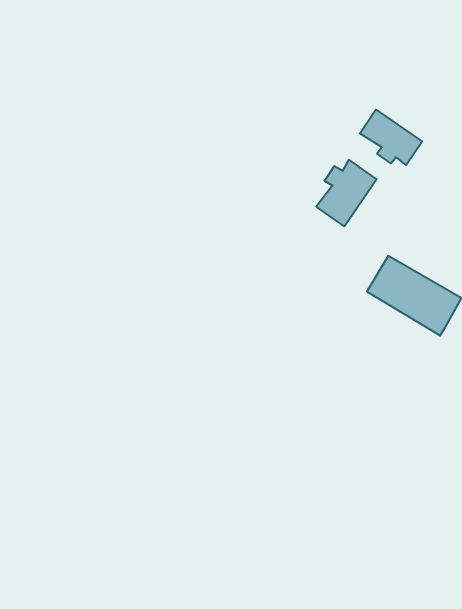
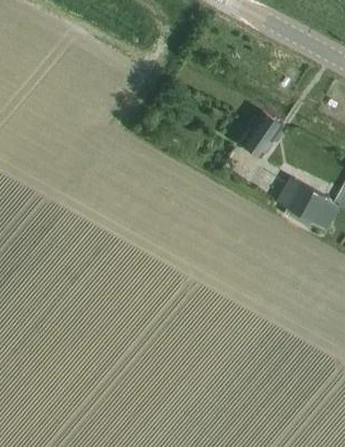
building: [360,110,422,165] -> none

